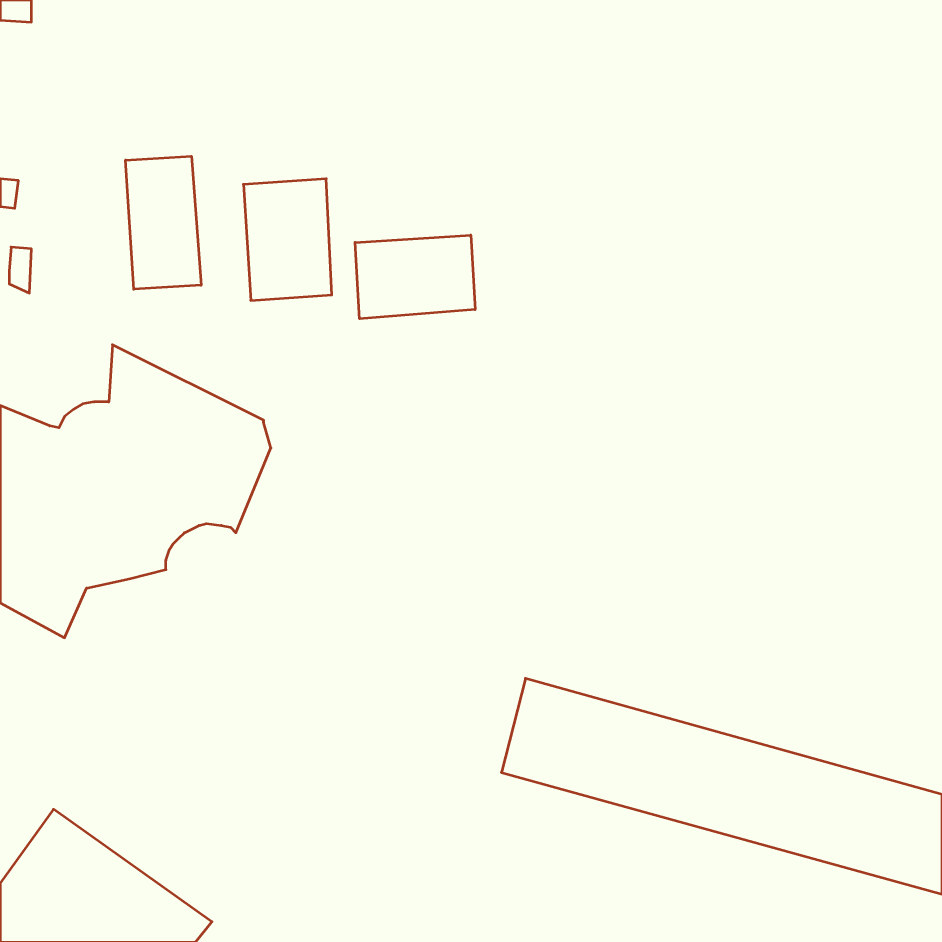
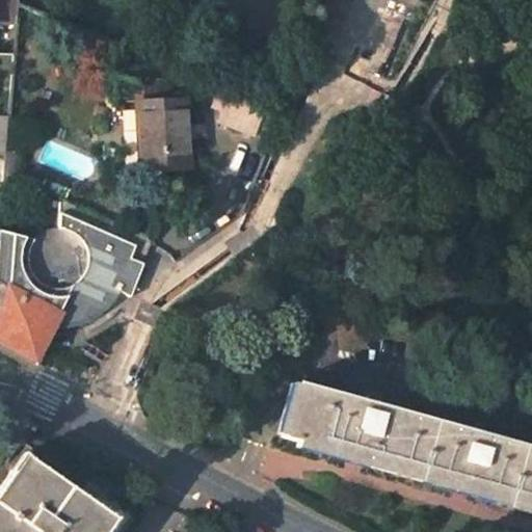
building: [126,156,201,289] -> none
building: [355,235,475,319] -> none

